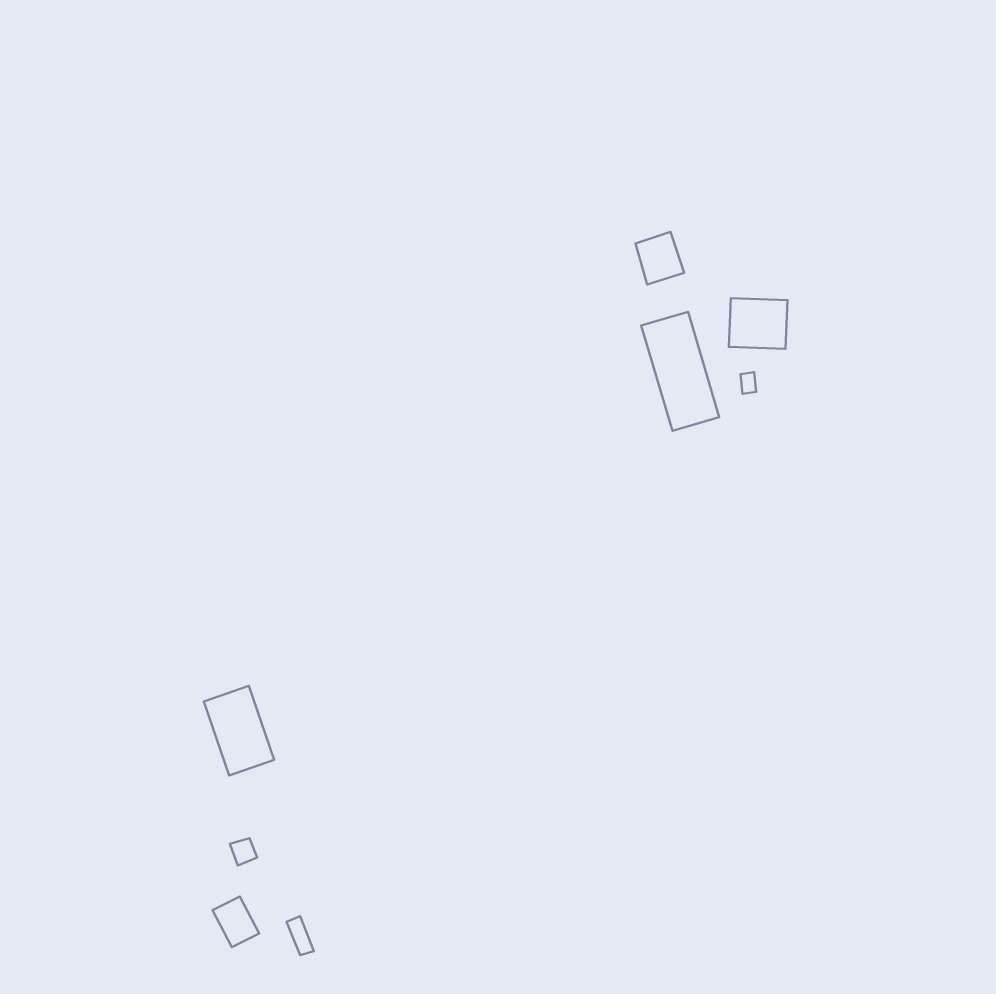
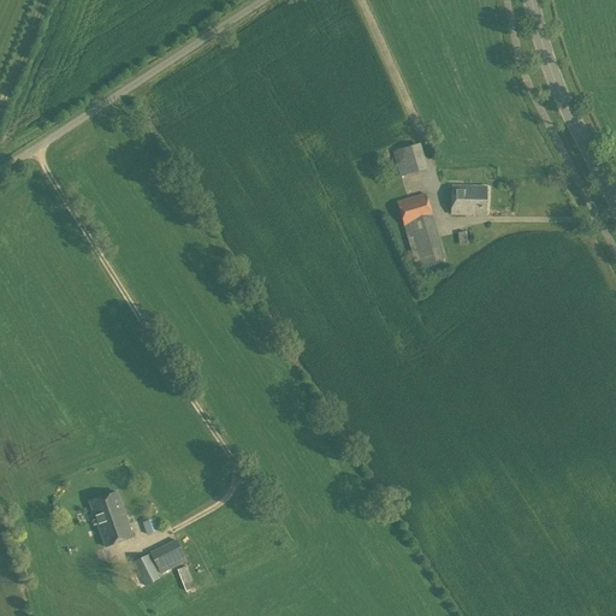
building: [204,686,274,775] -> [89,491,132,546]
building: none -> [149,538,186,574]

